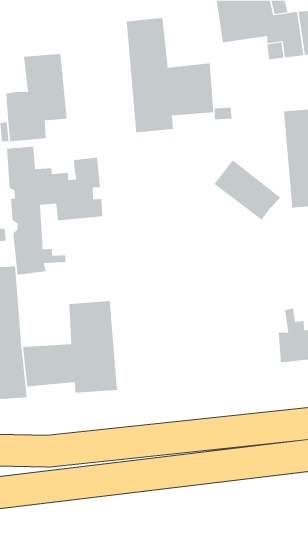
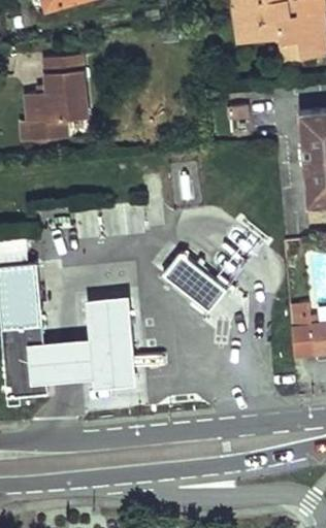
building: [126,17,214,133] -> none
building: [6,146,103,275] -> none
building: [213,159,281,220] -> [163,254,229,314]

